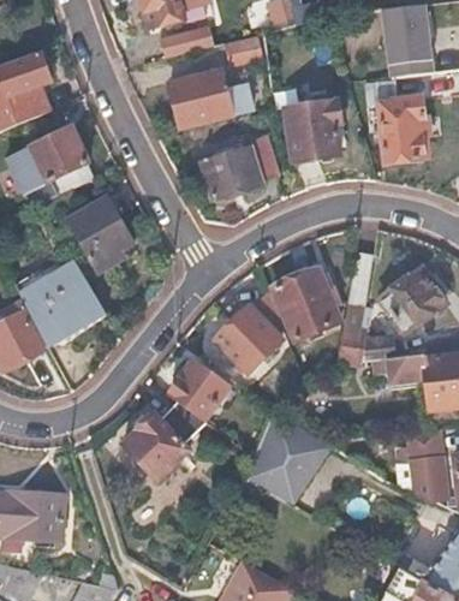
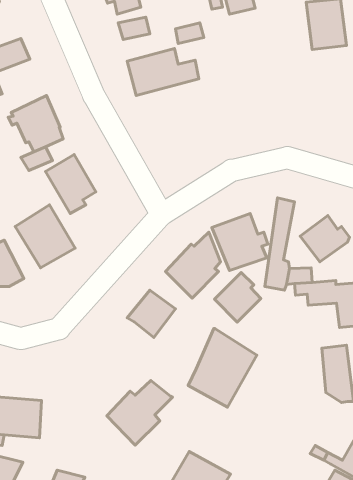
building: [362,81,427,166] -> none
building: [286,94,342,159] -> none
building: [203,136,279,197] -> none
building: none -> [214,272,261,322]
building: [123,403,203,482] -> [107,380,173,445]

